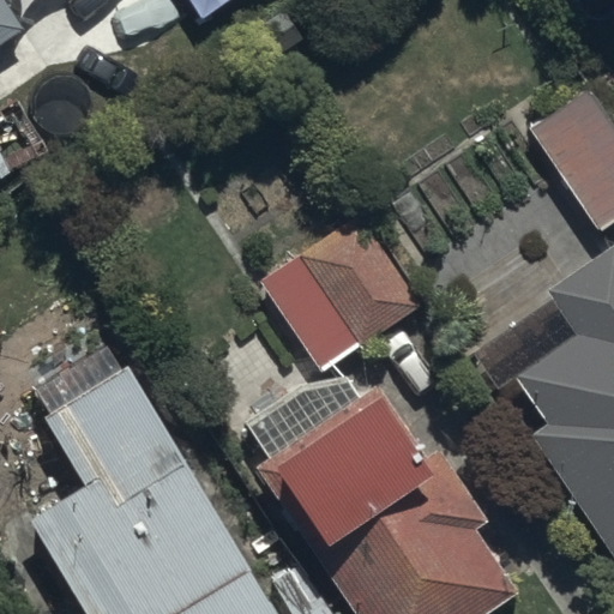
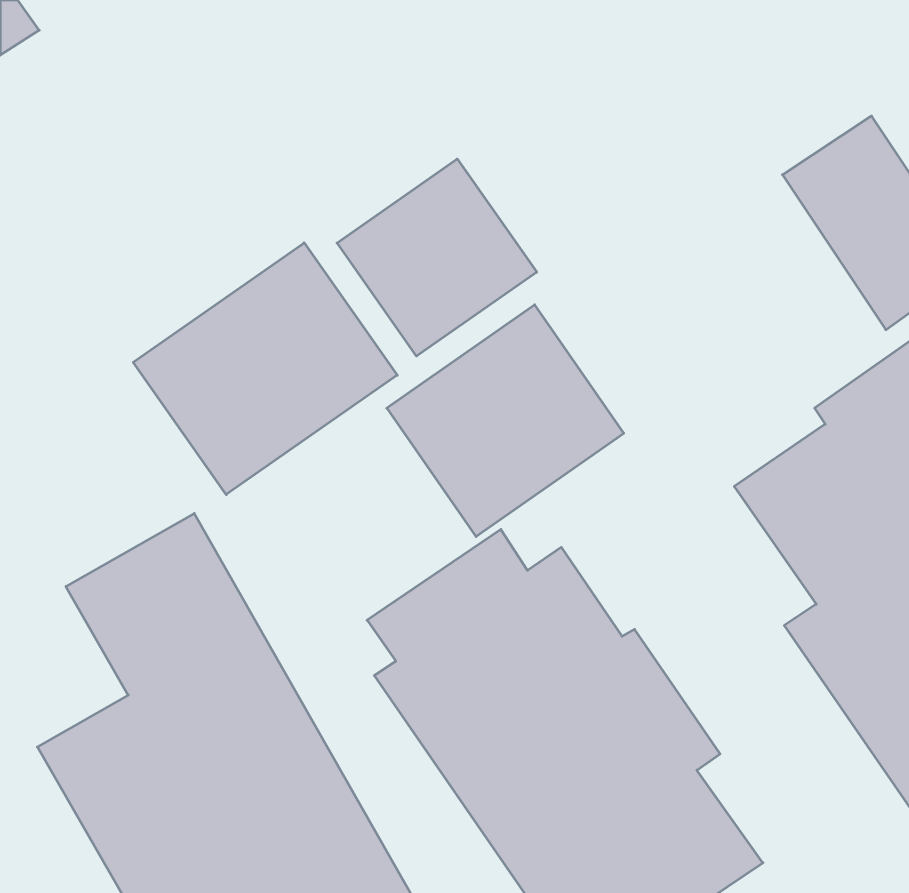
building: none -> [337,159,537,356]
building: none -> [133,243,397,495]

